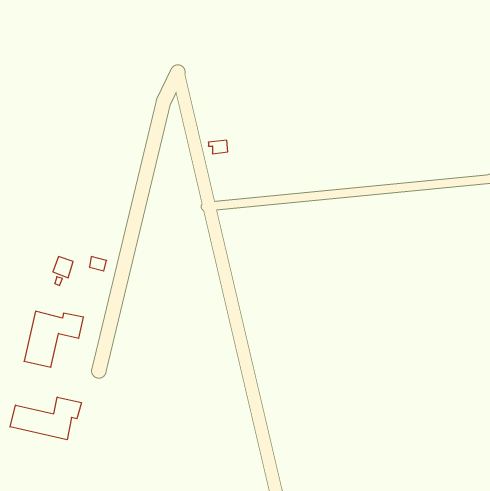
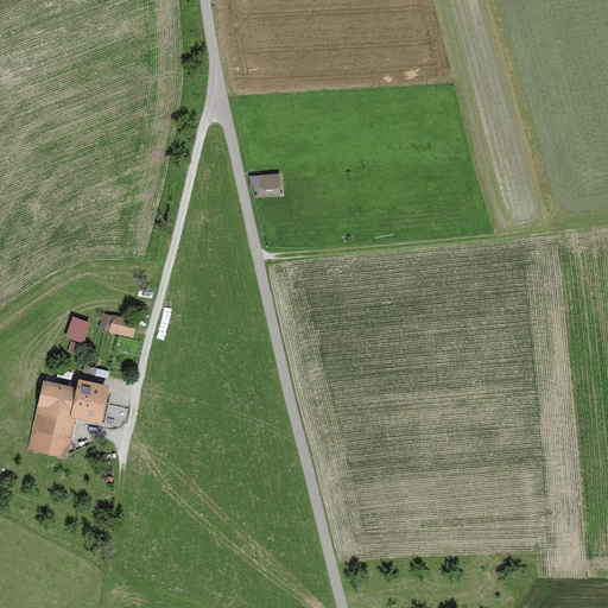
building: [10,397,81,440] -> none

